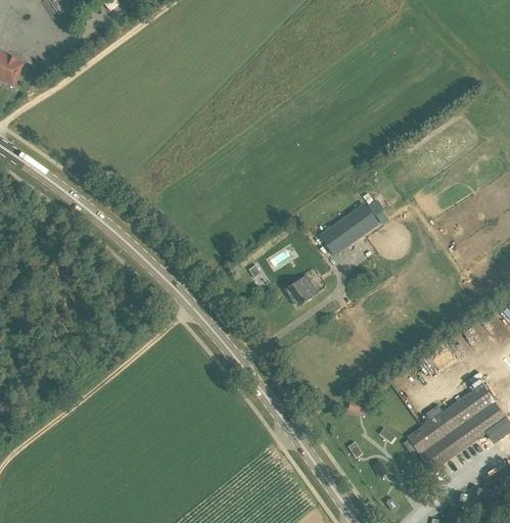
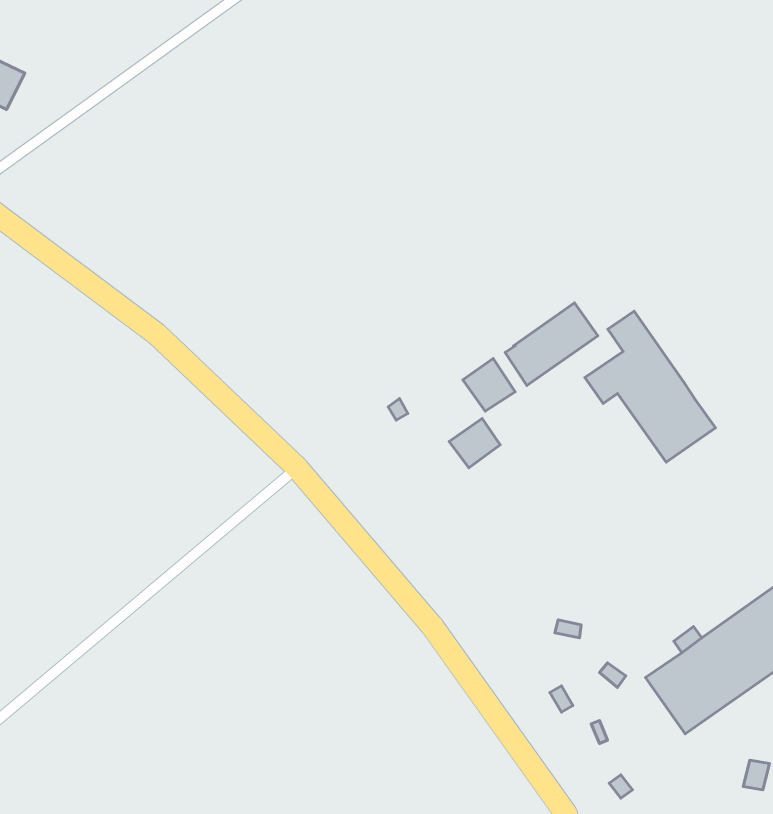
building: none -> [585,311,716,462]
building: none -> [463,359,515,411]

